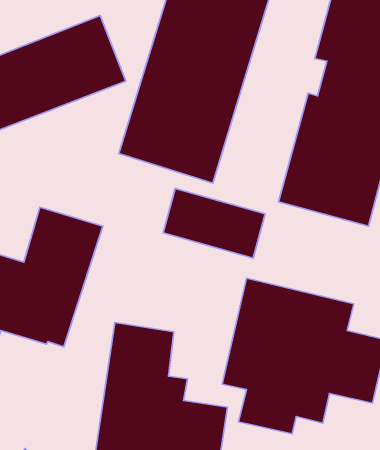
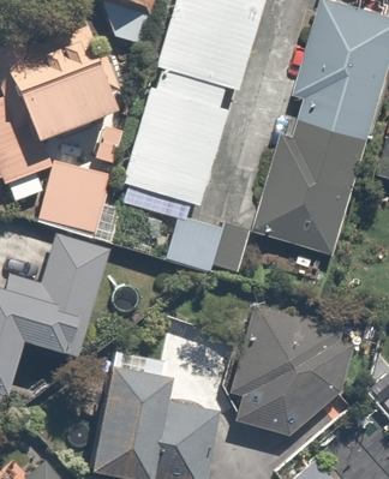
building: none -> [40,162,108,239]

